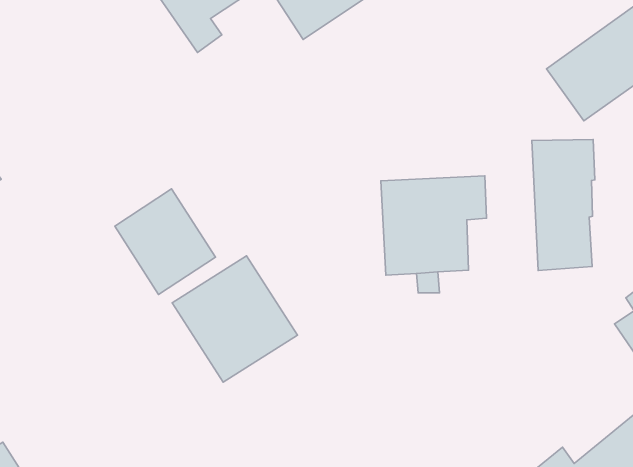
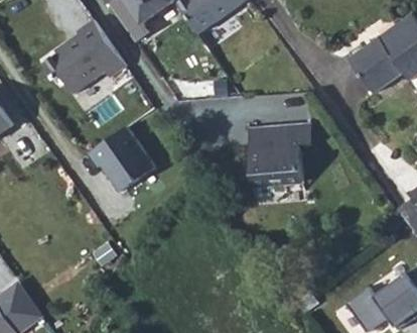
building: none -> [46,18,128,92]
building: [532,139,595,271] -> none
building: [172,256,297,382] -> none

